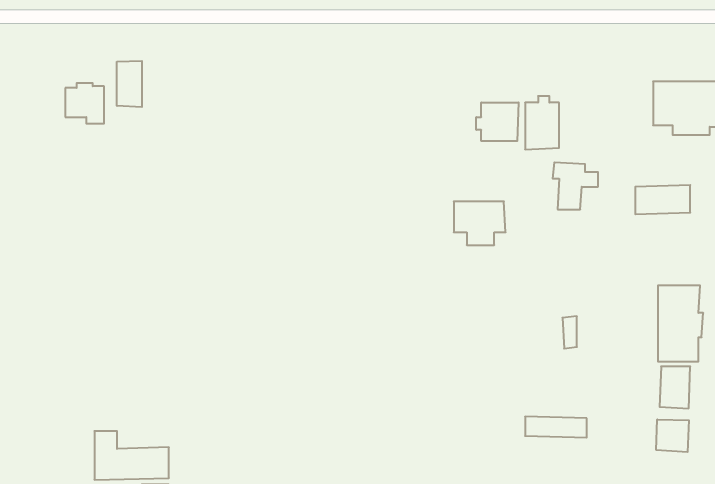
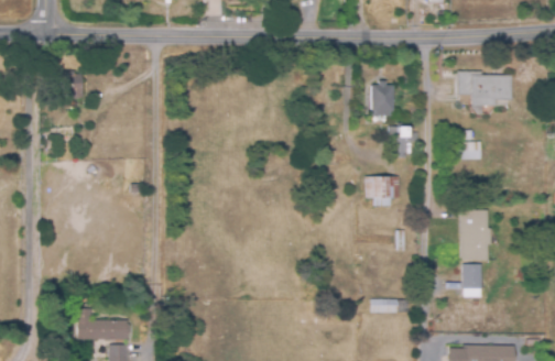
building: [117,61,142,107] -> none
building: [476,102,519,141] -> none
building: [454,201,506,245] -> [364,177,400,207]
building: [656,419,689,452] -> none

